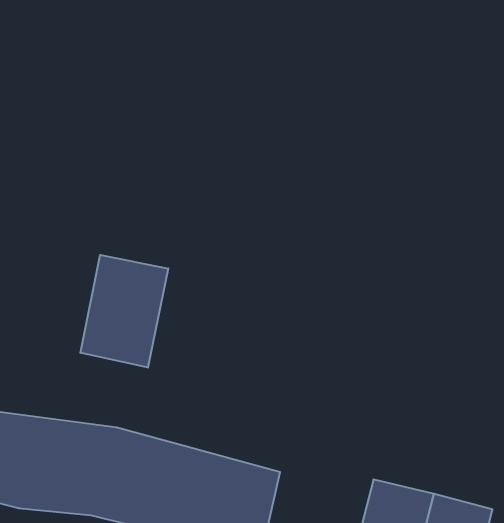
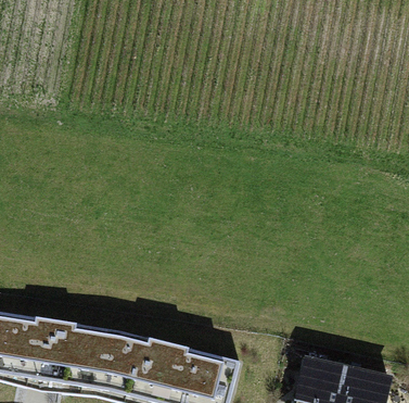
building: [80,255,168,368] -> none

